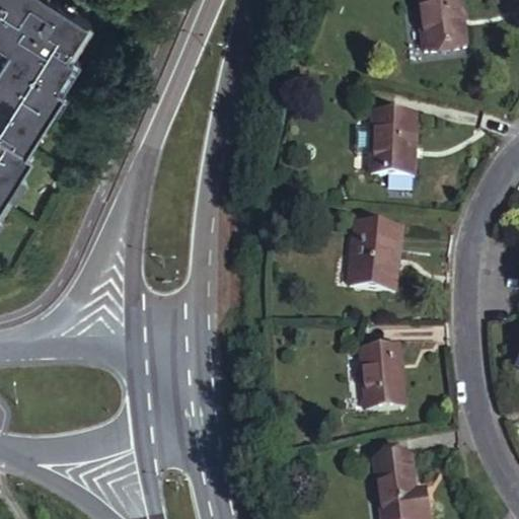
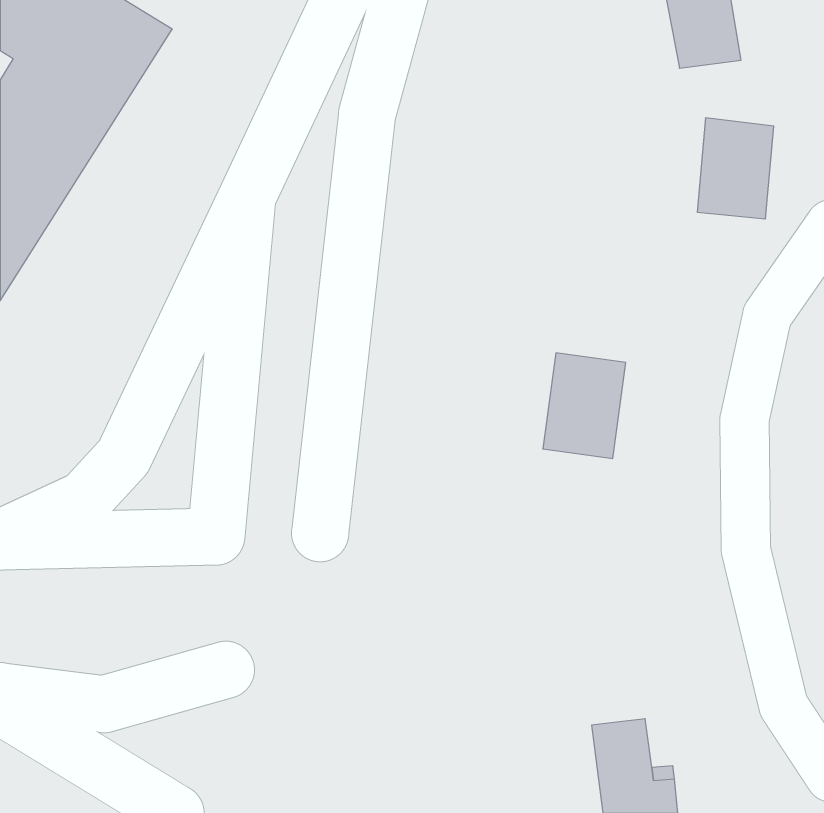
building: [369,110,417,173] -> [697,118,774,219]
building: [356,343,402,405] -> none

